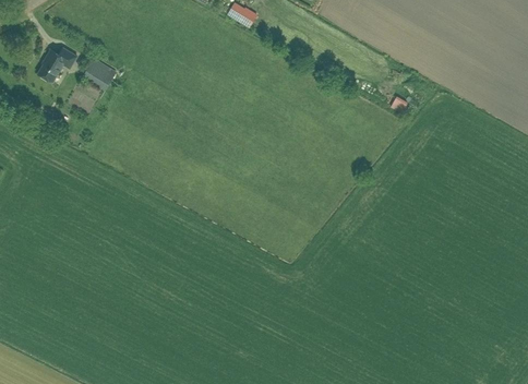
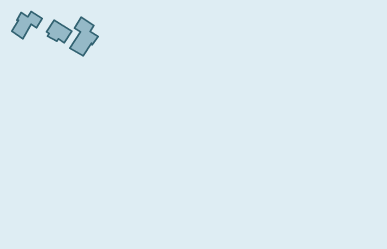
building: none -> [70,17,98,56]

